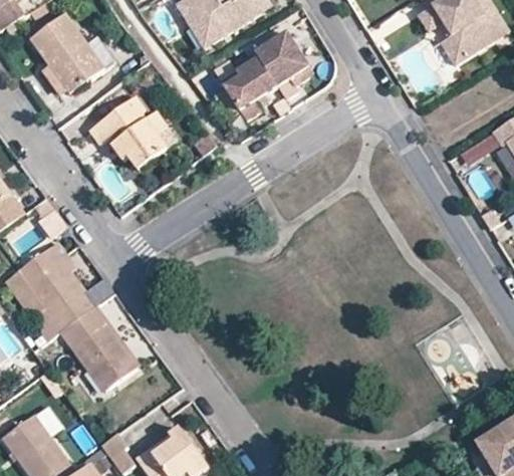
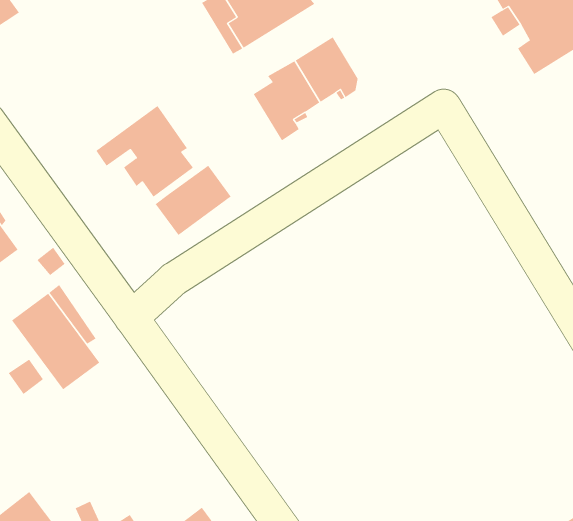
building: [29,13,112,92] -> none
building: none -> [155,165,232,236]
building: [57,305,135,393] -> none

